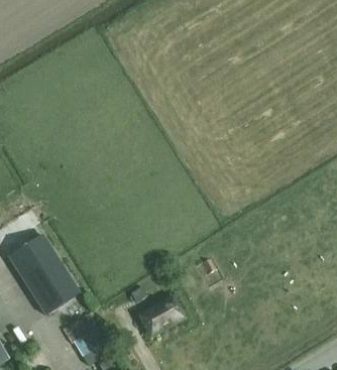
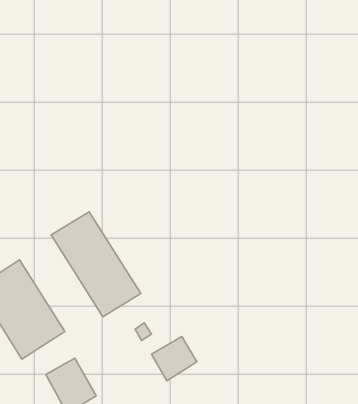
building: none -> [51,212,141,317]

